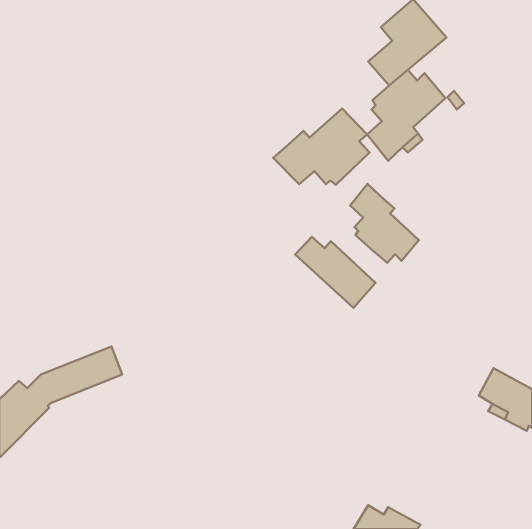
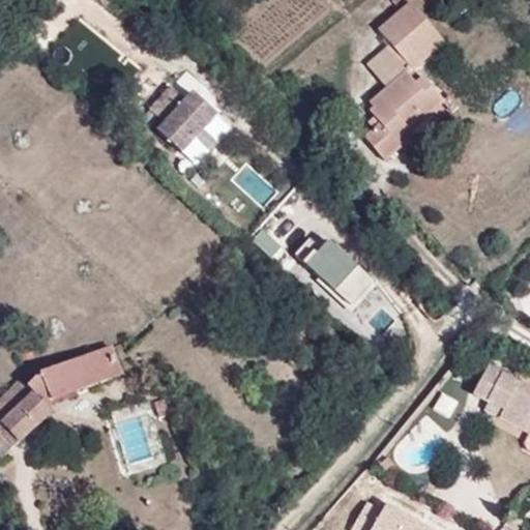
building: none -> [157,90,222,154]
building: [273,108,369,185] -> none
building: [350,184,419,263] -> none

